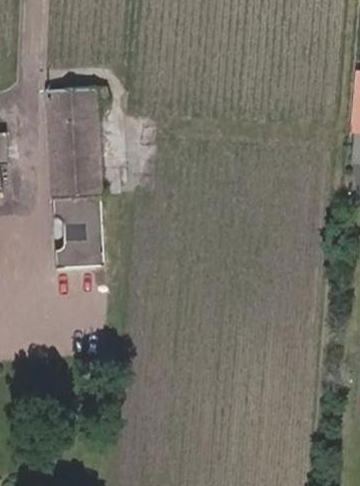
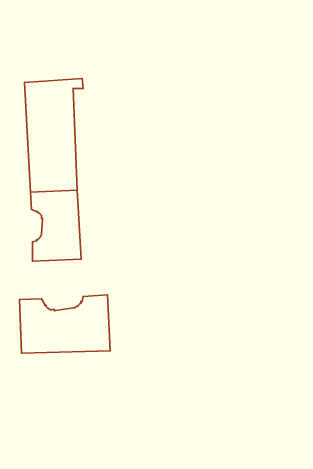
building: none -> [20,295,110,353]

